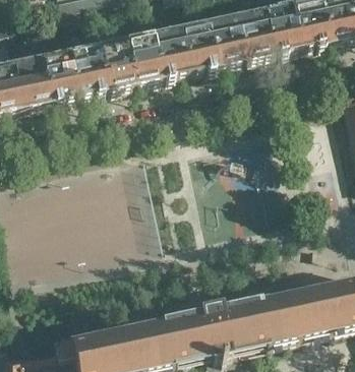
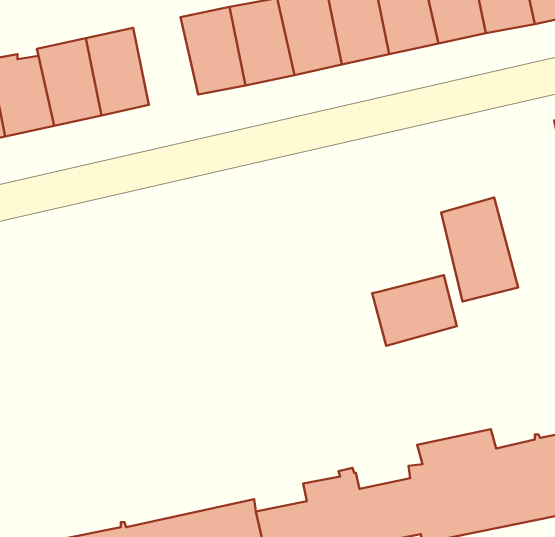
building: [98,41,135,91] -> none
building: none -> [441,198,518,301]
building: none -> [372,275,457,346]

